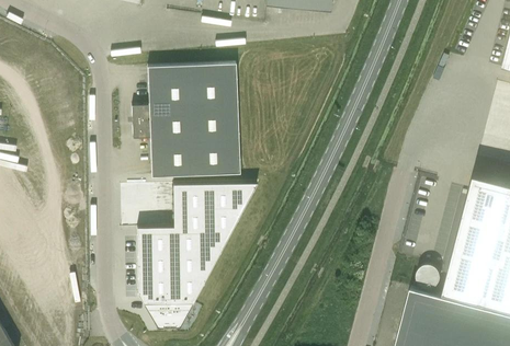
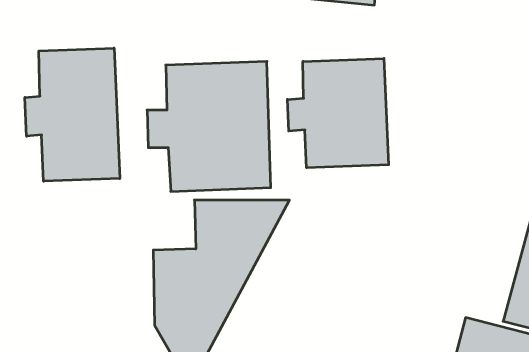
building: none -> [25,48,120,181]
building: none -> [287,58,389,168]

